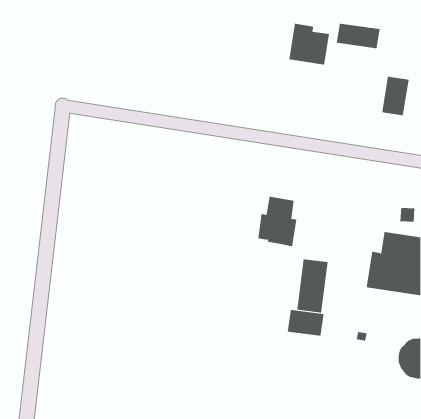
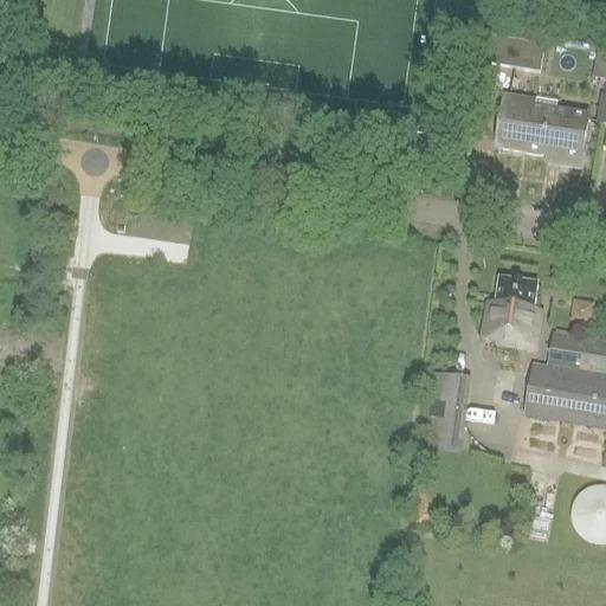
building: [288,23,330,65] -> [496,94,555,154]
building: [257,196,297,247] -> [483,276,540,348]
building: [287,309,324,337] -> none

